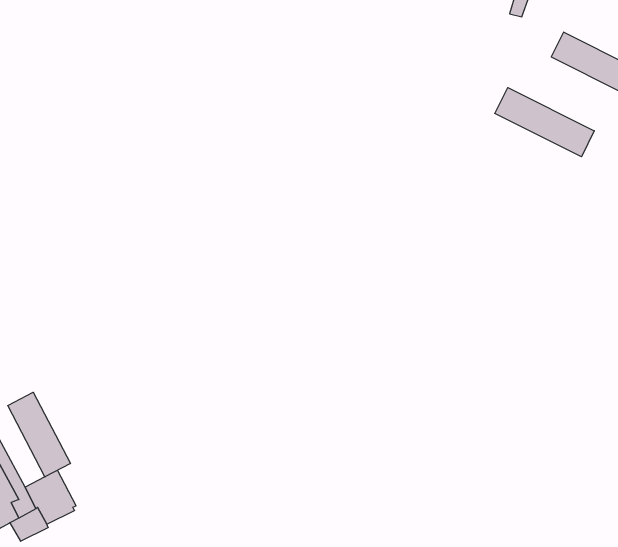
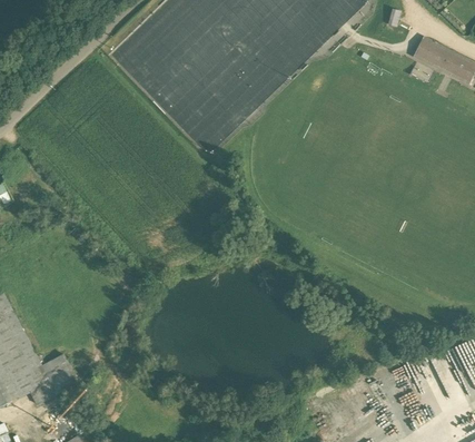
building: [495,88,594,157] -> none
building: [8,392,70,477] -> none

